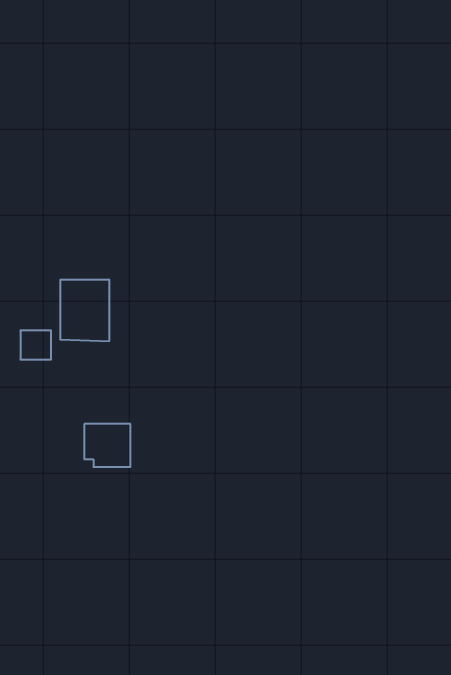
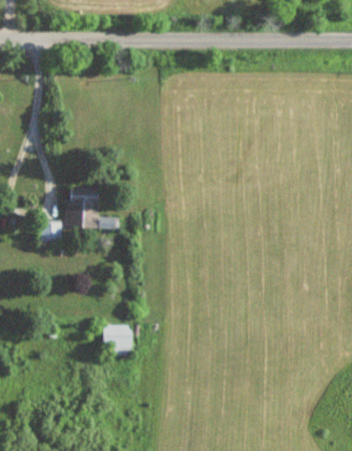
building: [84,424,130,467] -> [103,324,133,353]

